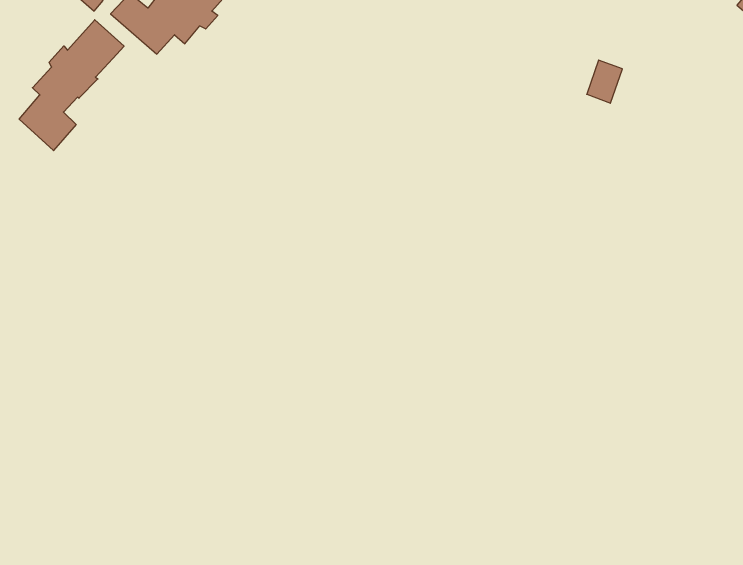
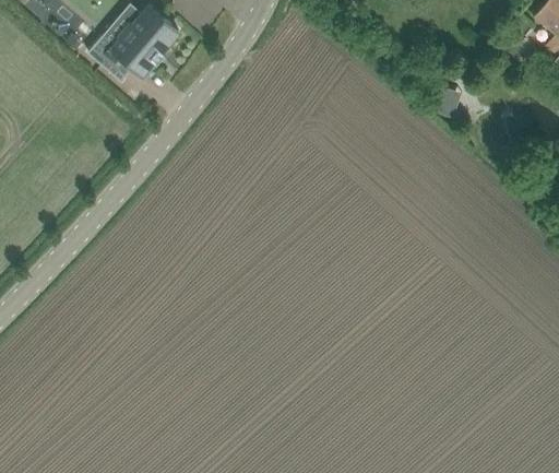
building: [19,20,124,151] -> none

